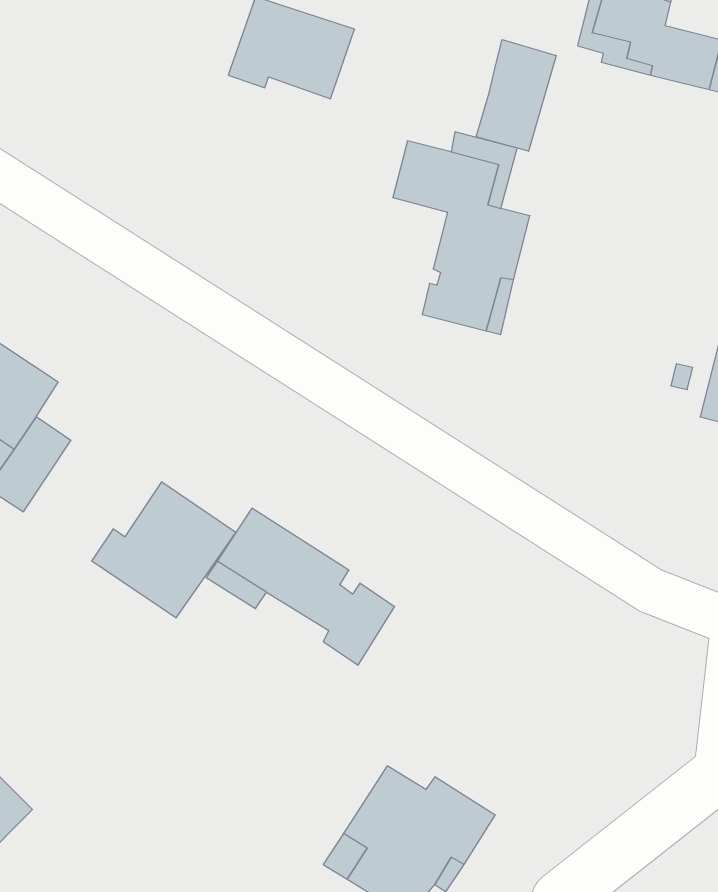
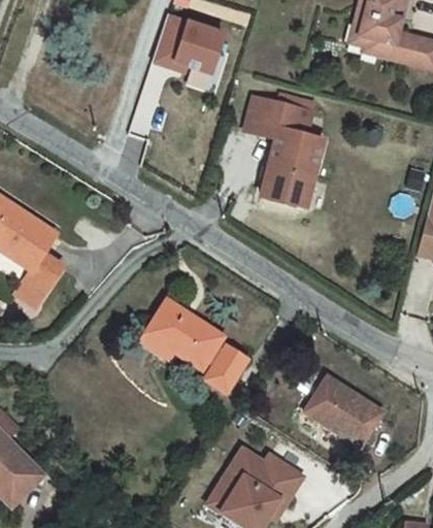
building: [476,40,556,151] -> none
building: [92,482,236,618] -> none
building: none -> [304,374,384,448]

